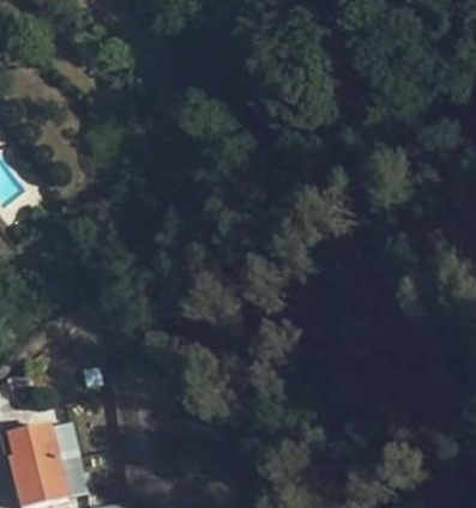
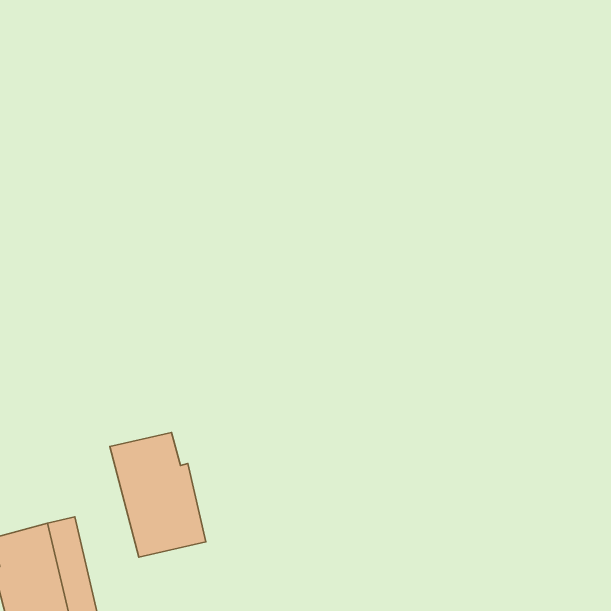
building: none -> [110,432,206,557]

